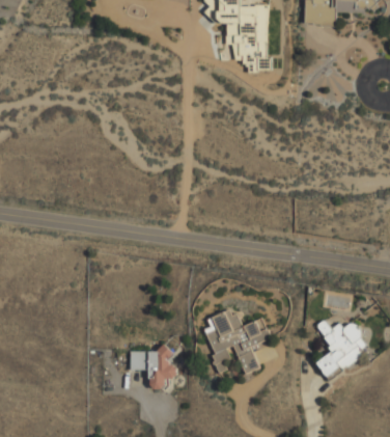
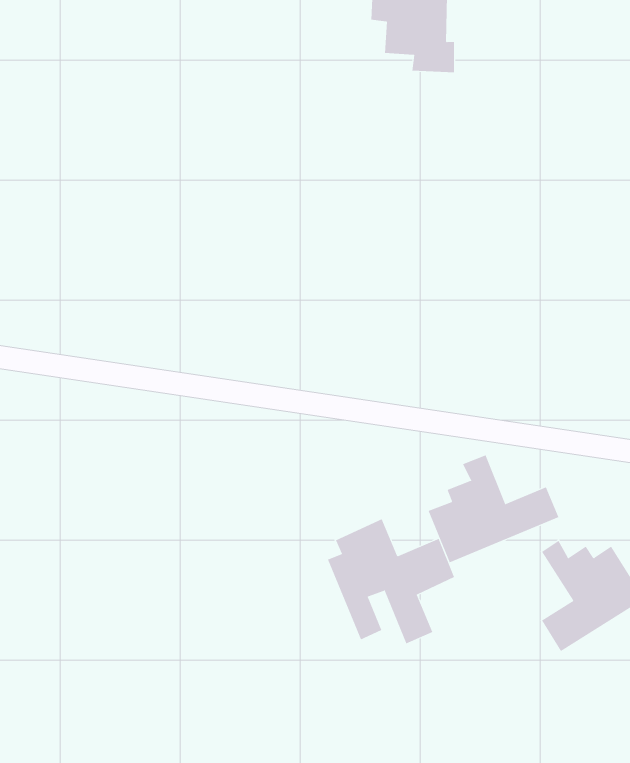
building: none -> [428,455,559,563]
building: [131,350,177,389] -> none

